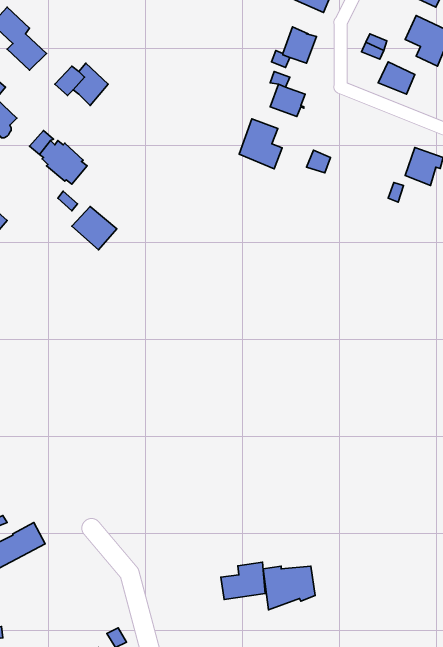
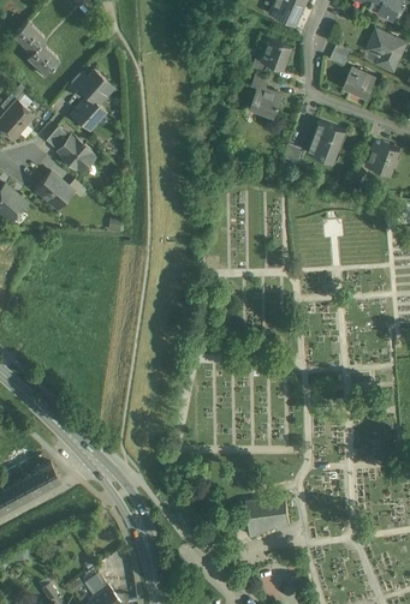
building: none -> [70,96,105,130]
building: [239,119,282,169] -> none
building: none -> [305,121,343,163]
building: [72,206,117,250] -> [34,173,72,210]
building: [221,562,265,600] -> none

